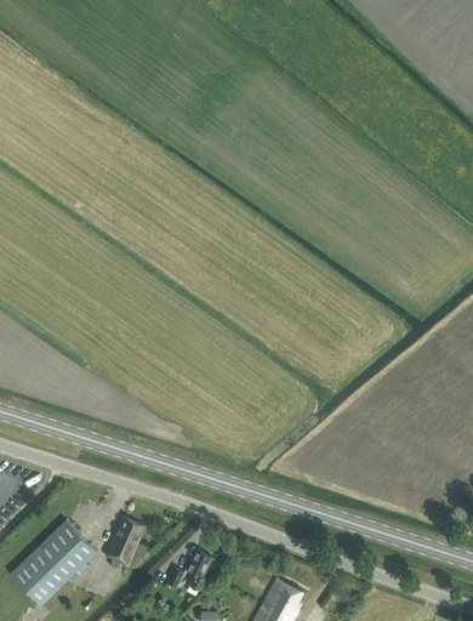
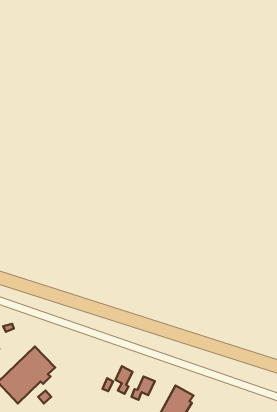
building: [104,517,143,565] -> none
building: none -> [132,377,155,400]

